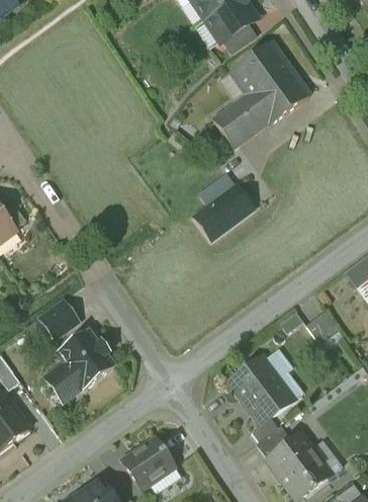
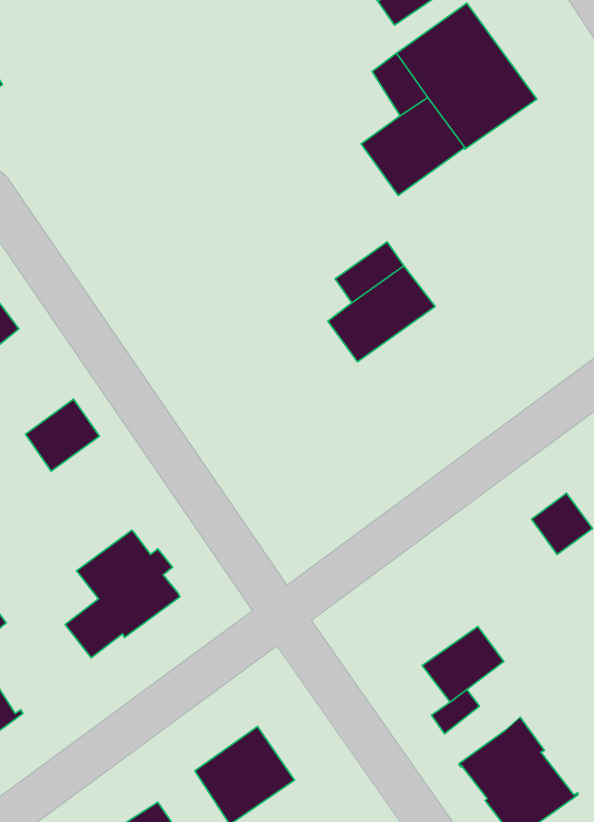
building: [38,299,79,338] -> [25,399,99,471]
building: [227,354,280,403] -> none
building: [256,424,291,456] -> none

